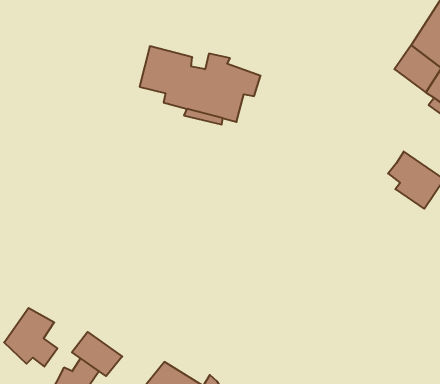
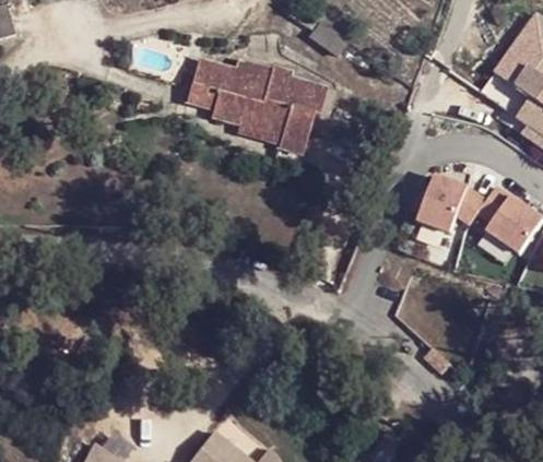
building: none -> [416,173,486,232]
building: [4,308,57,367] -> none
building: [72,332,122,376] -> none

